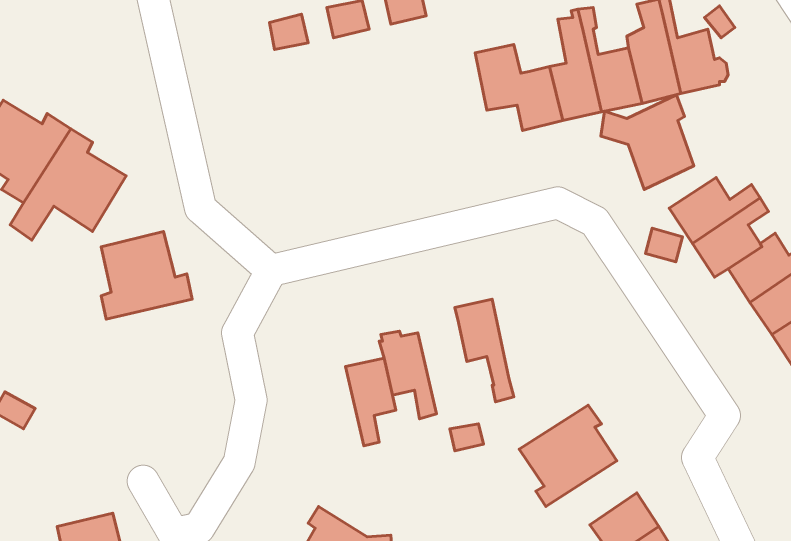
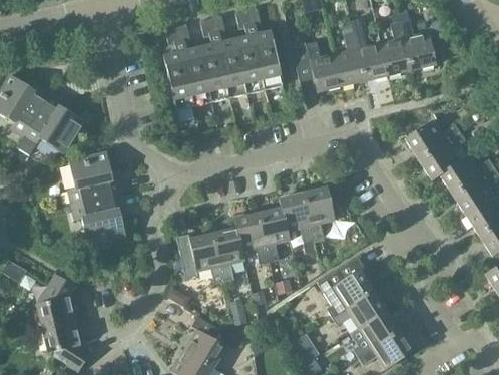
building: none -> [165,30,283,110]
building: [601,95,694,190] -> none
building: none -> [301,179,343,240]
building: none -> [71,193,126,246]
building: none -> [257,207,288,261]
building: none -> [175,232,224,282]
building: none -> [36,274,75,328]
building: none -> [333,289,387,327]

